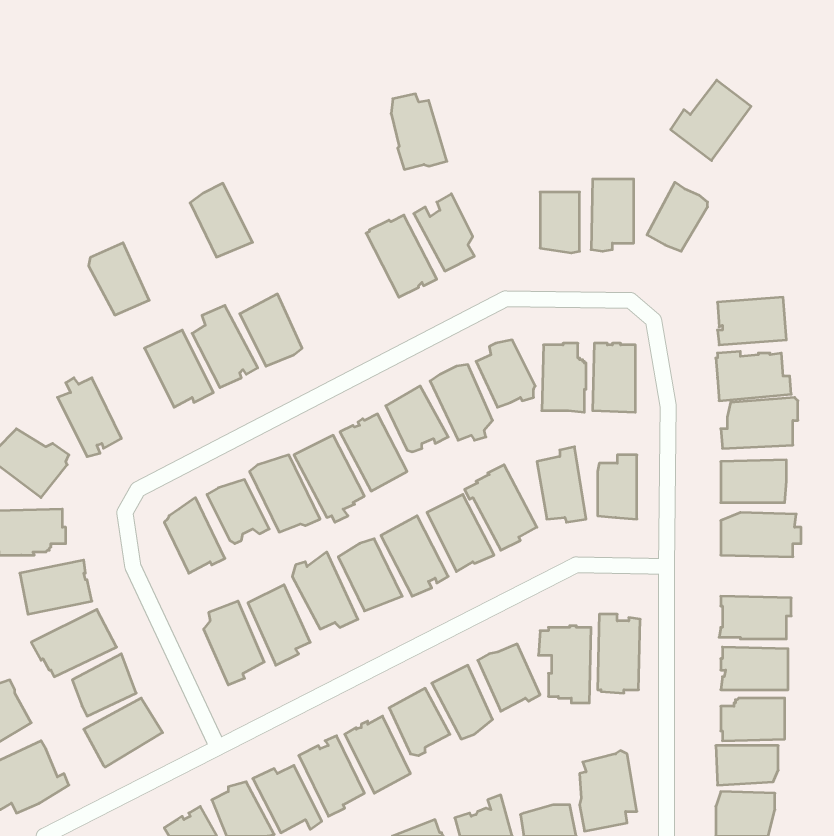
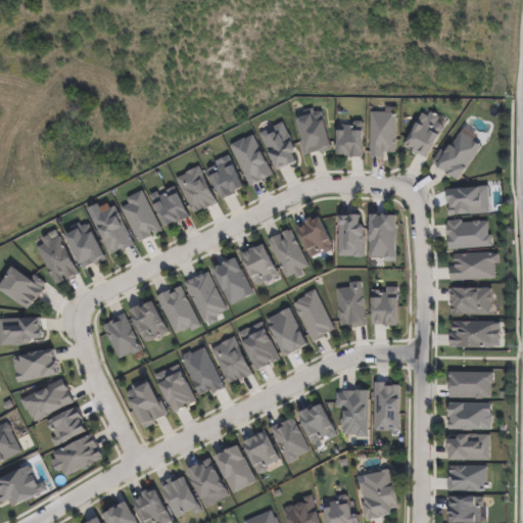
building: [671,80,751,161] -> [431,130,481,180]
building: [391,94,447,169] -> [295,106,330,153]
building: [190,183,253,257] -> [177,165,216,211]
building: [89,243,149,315] -> [65,223,103,268]
building: none -> [205,153,241,199]

